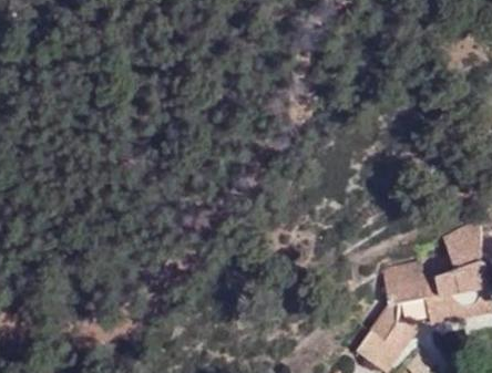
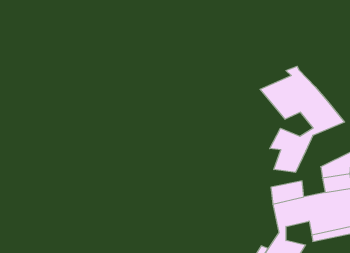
building: none -> [260,66,345,172]

